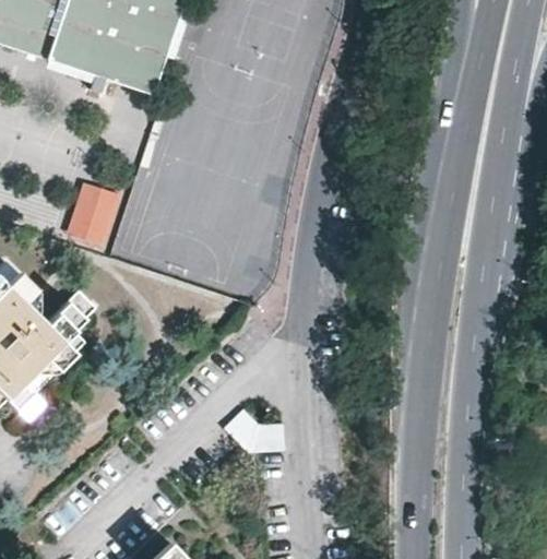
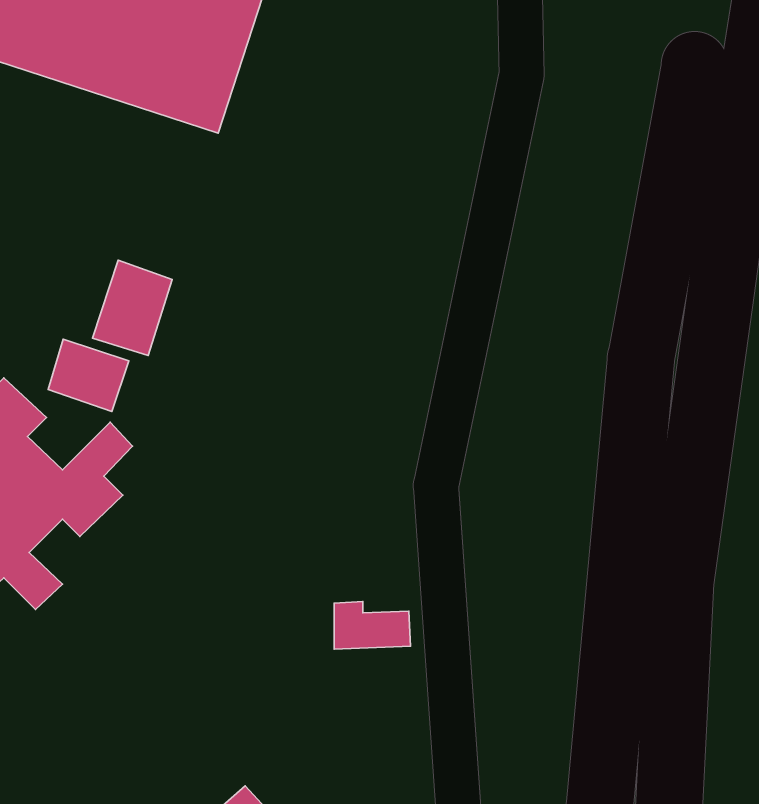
building: none -> [48,339,129,411]

